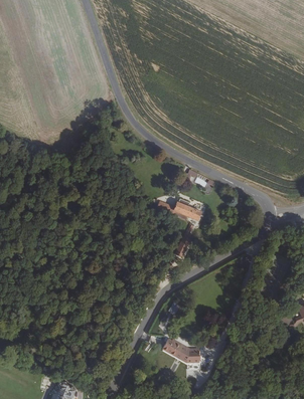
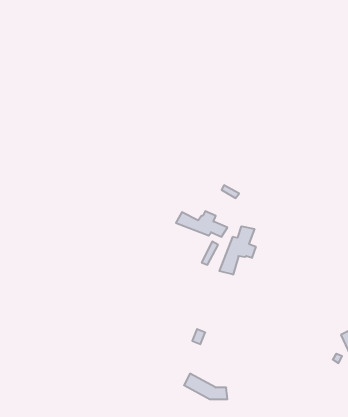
building: none -> [219,226,256,275]

